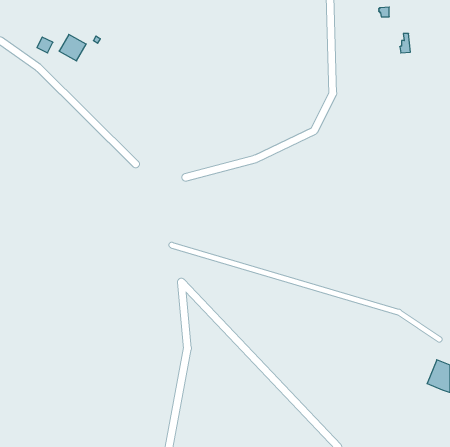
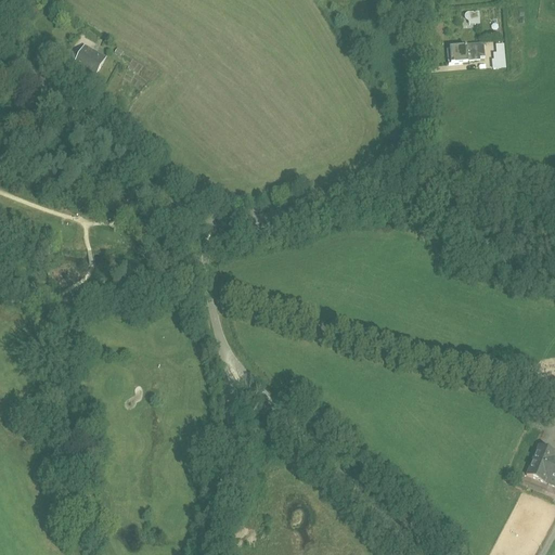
building: none -> [449,40,485,61]

